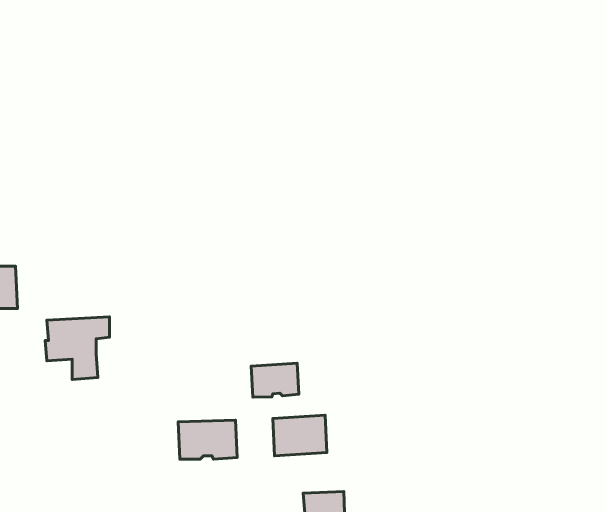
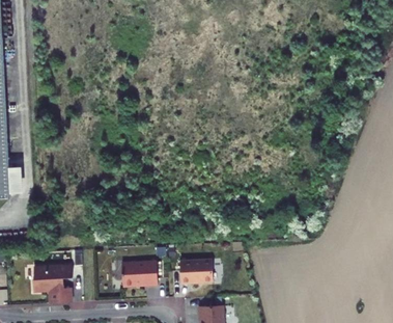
building: [45,317,110,379] -> [30,265,69,303]
building: [251,363,299,397] -> none

